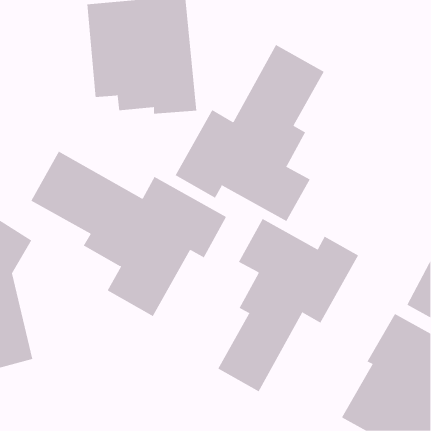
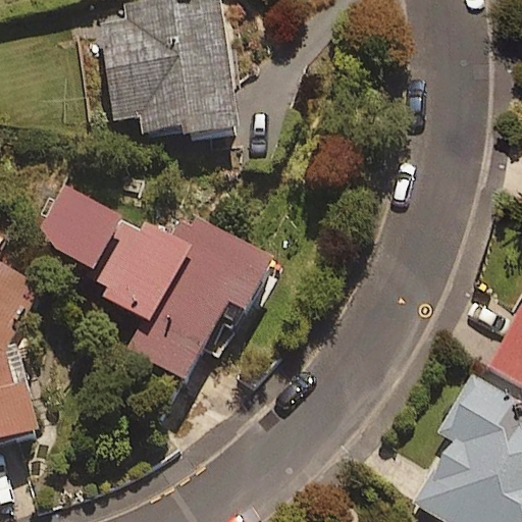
building: [175,44,325,222] -> none
building: [218,218,359,392] -> none

